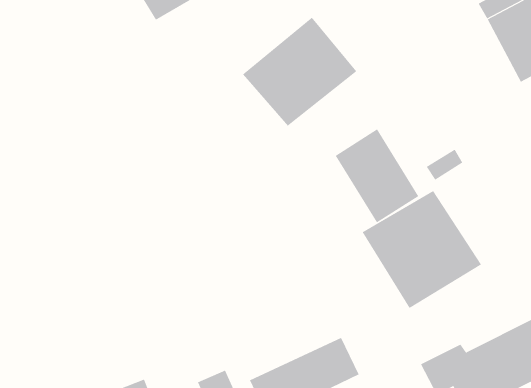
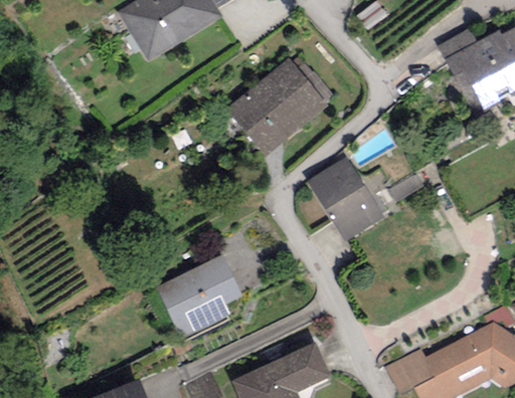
building: [362,190,482,309] -> none
building: none -> [156,256,241,339]

